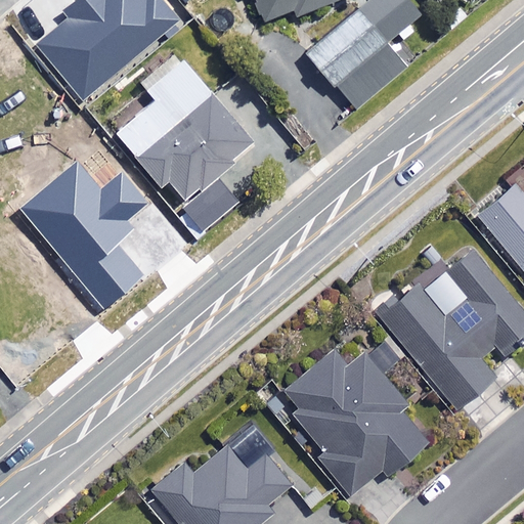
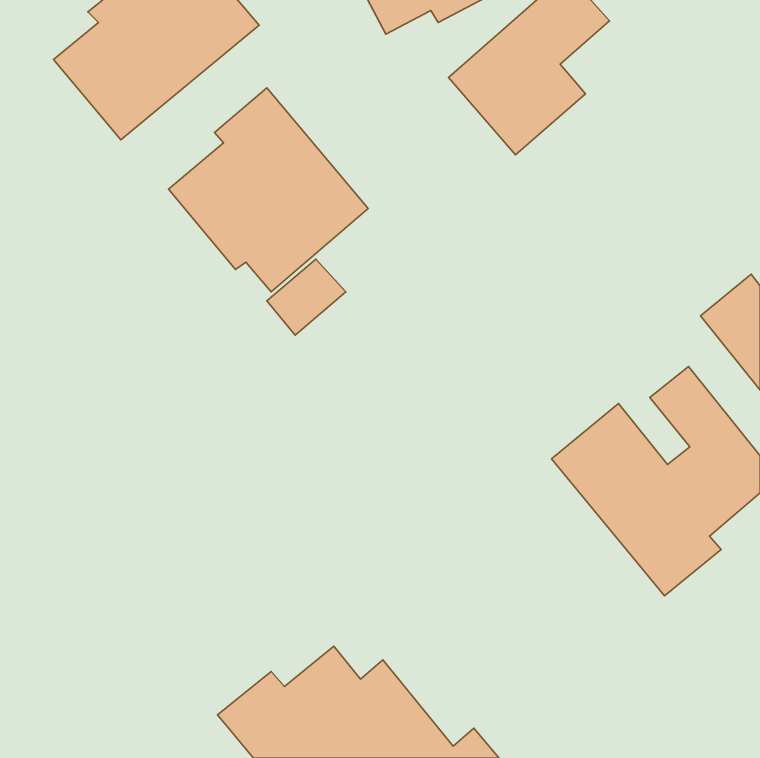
building: [19,161,143,307] -> none
building: [279,353,425,497] -> none

